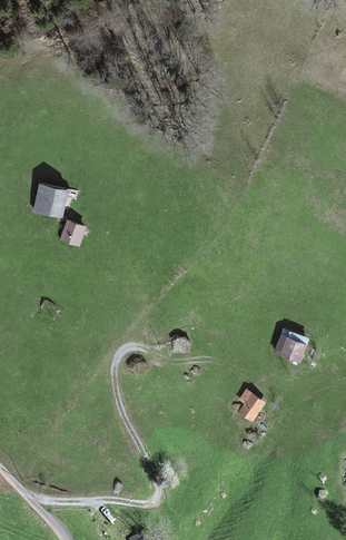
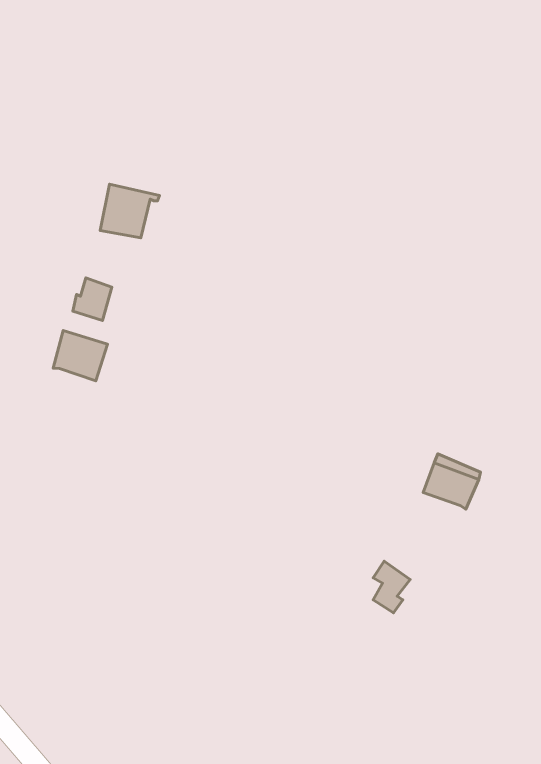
building: [36,183,71,215] -> [100,184,159,238]
building: none -> [53,330,107,381]

